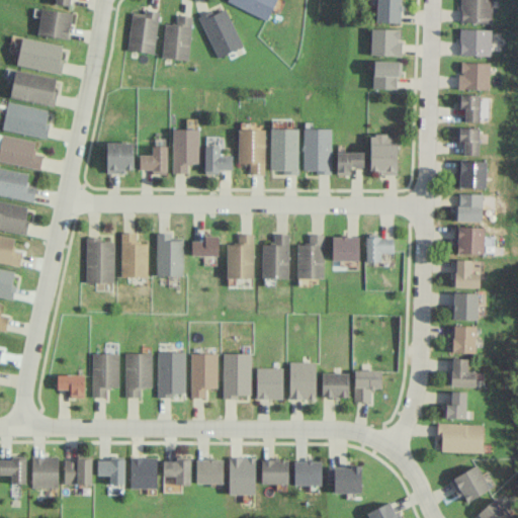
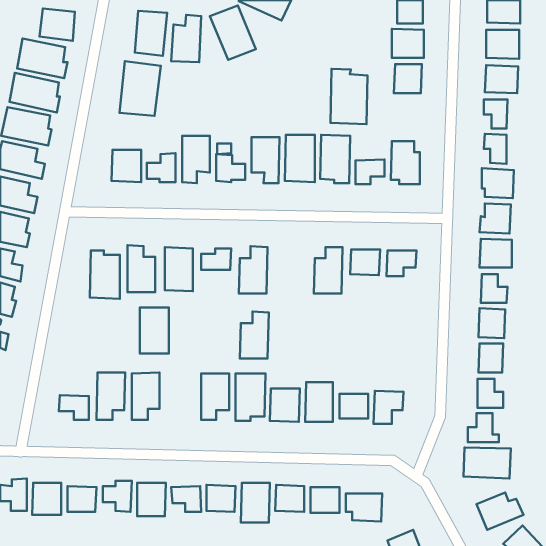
building: none -> [120,61,161,116]
building: none -> [330,69,368,124]
building: [262,234,289,278] -> [240,312,269,359]
building: [158,352,185,396] -> [140,307,169,354]

